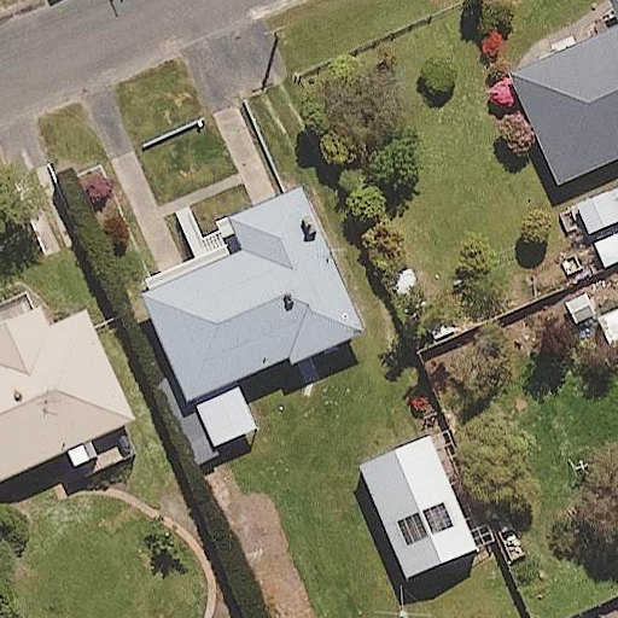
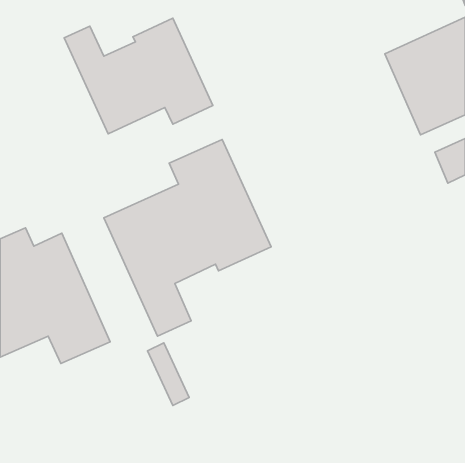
building: none -> [64,18,213,134]
building: [357,432,486,578] -> none

